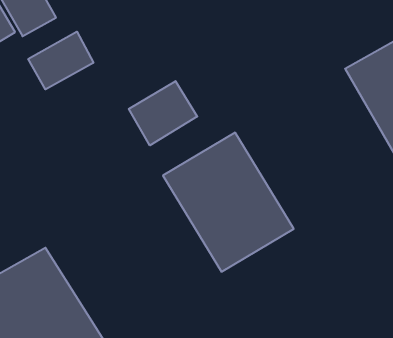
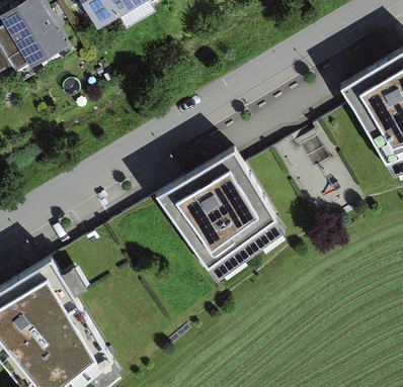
building: [28,32,93,89] -> none
building: [129,81,197,145] -> none

